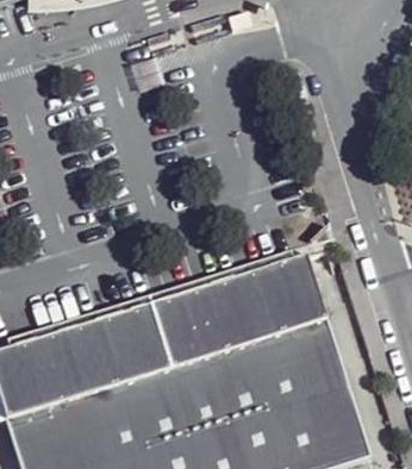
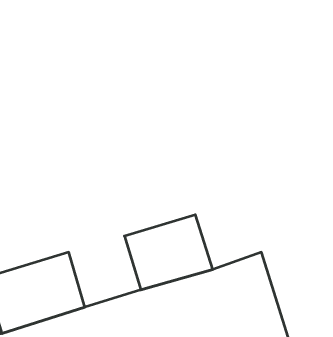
building: [238,256,329,342] -> none
building: [89,302,174,386] -> none

